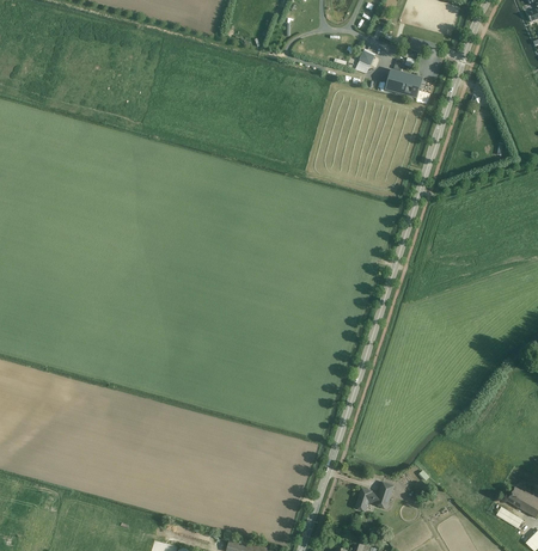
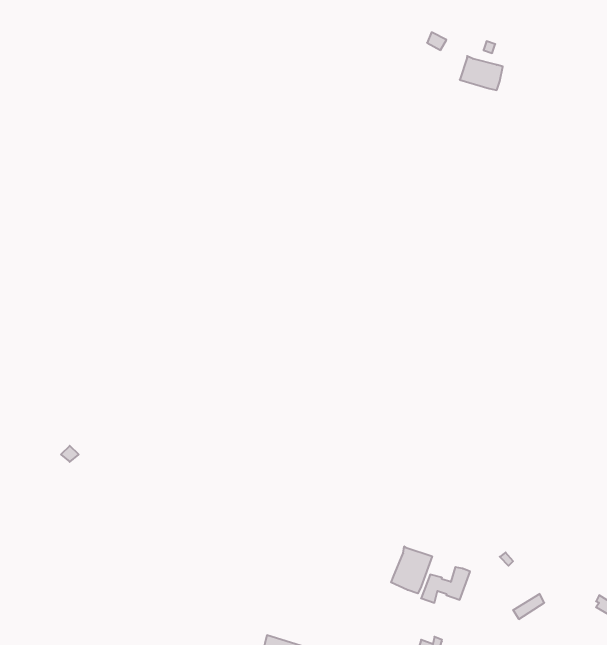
building: none -> [391,546,432,593]

